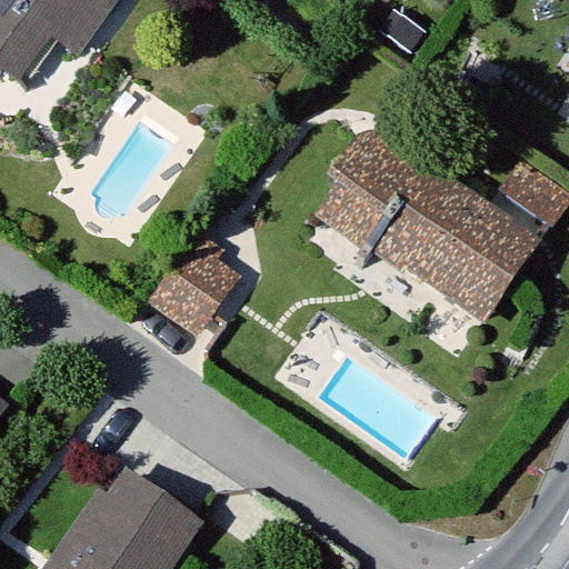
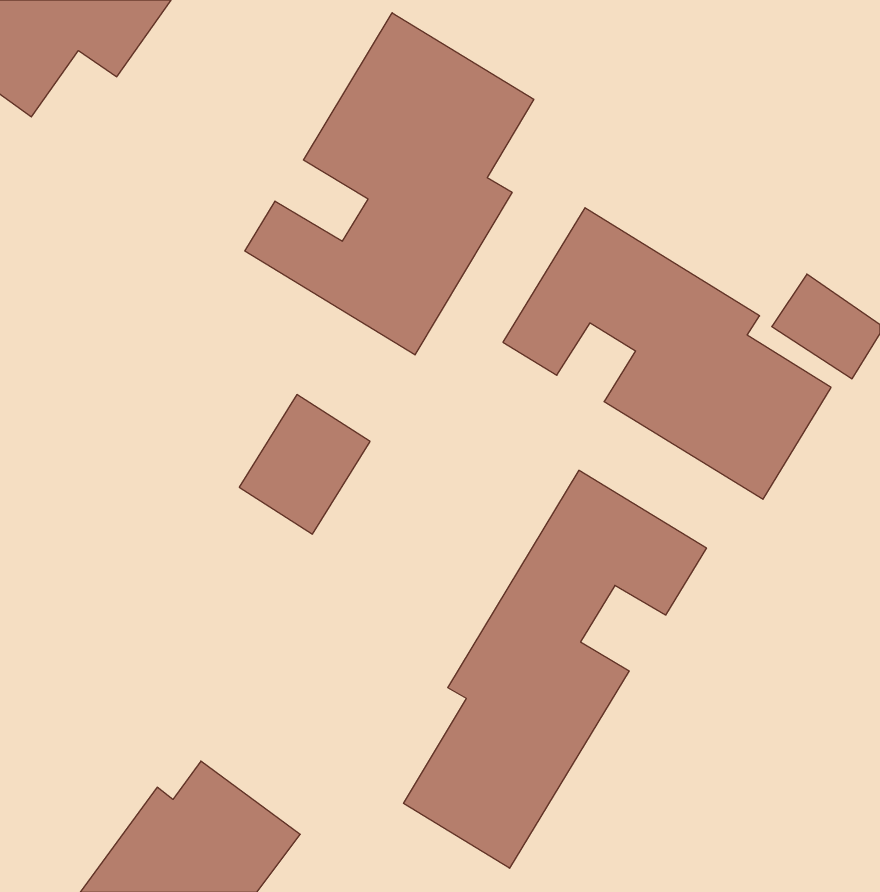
building: none -> [245,13,534,355]
building: none -> [404,470,706,868]

